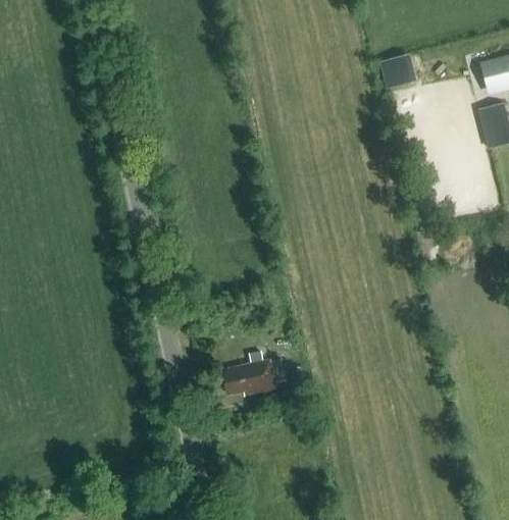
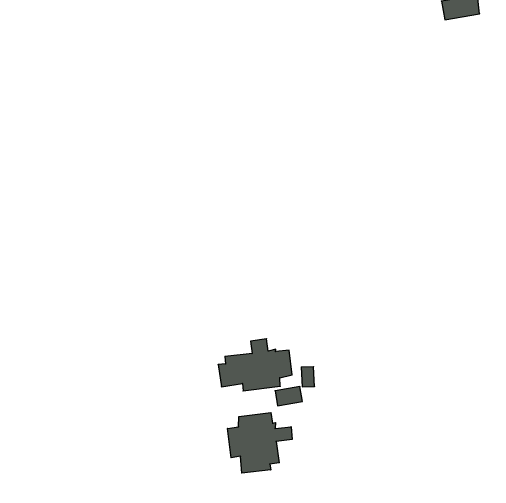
building: none -> [228,413,292,473]

